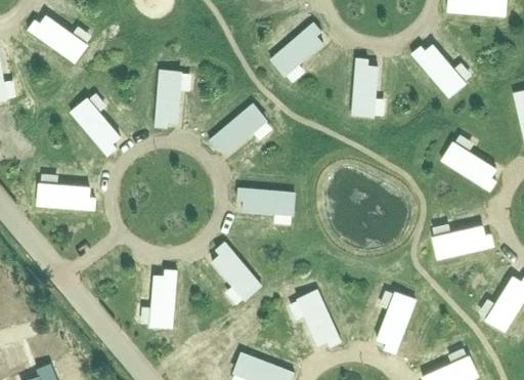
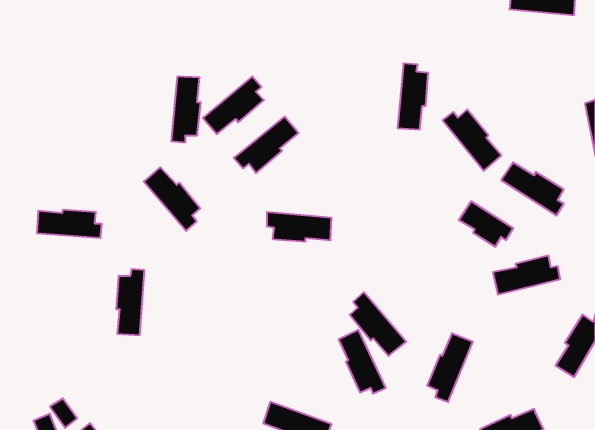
building: [29,14,86,61] -> none
building: [270,23,323,73] -> [203,76,264,134]
building: [411,44,463,97] -> [443,109,501,171]
building: [71,100,120,156] -> [144,167,200,231]
building: none -> [459,201,513,247]
building: [212,242,261,297] -> [350,292,406,356]
building: [151,269,176,327] -> [116,269,144,335]

